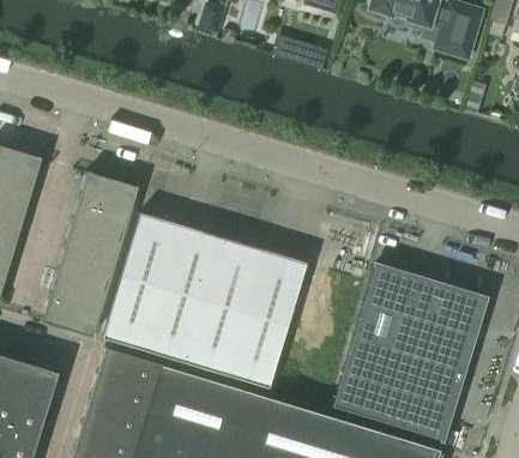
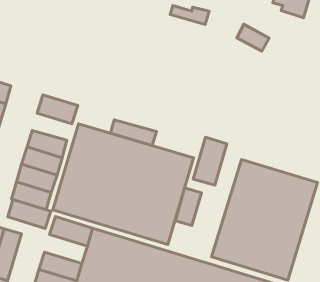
building: none -> [237,24,269,51]
building: [73,197,131,236] -> none
building: none -> [111,120,156,146]
building: none -> [193,137,227,185]
building: none -> [176,188,202,225]
building: [91,373,153,415] -> [8,200,51,229]

